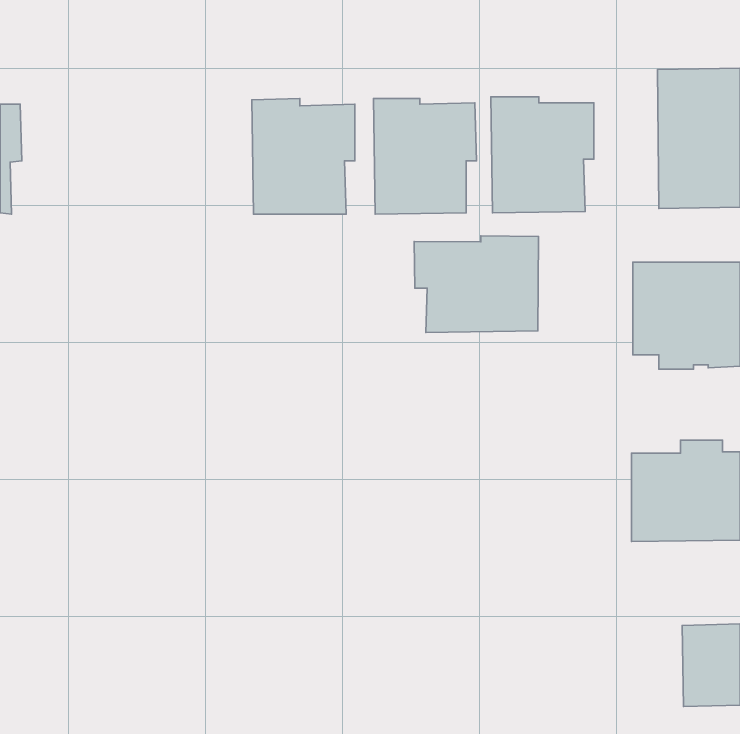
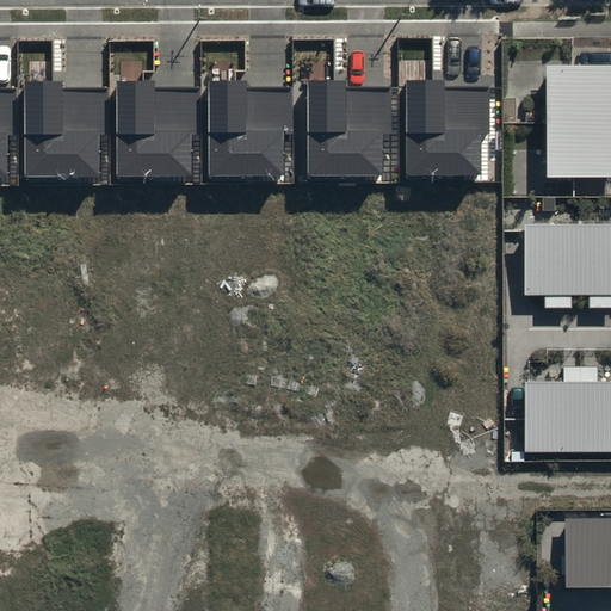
building: none -> [25,86,110,181]
building: none -> [117,87,202,181]
building: [414,236,539,332] -> none

